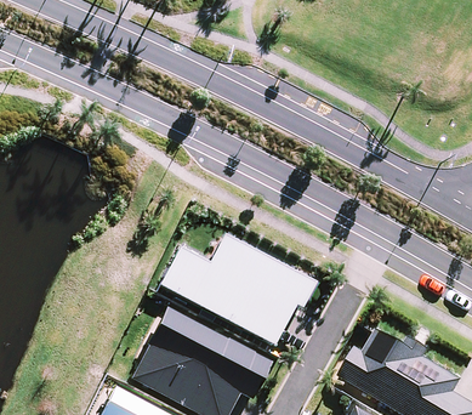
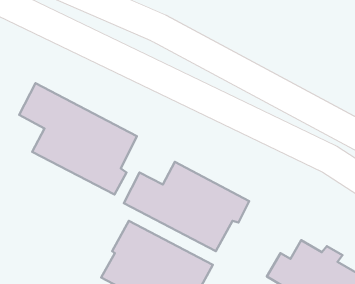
building: none -> [19,83,137,194]

